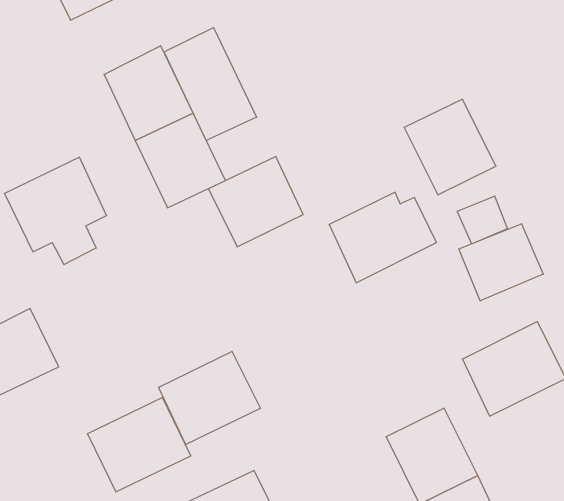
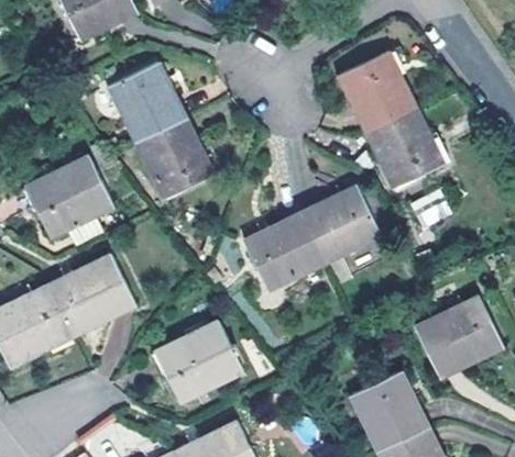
building: [164,28,257,140] -> none
building: none -> [337,49,414,131]
building: [209,156,303,247] -> [243,213,324,290]
building: [459,224,543,301] -> none
building: [87,397,191,492] -> [46,254,134,334]

